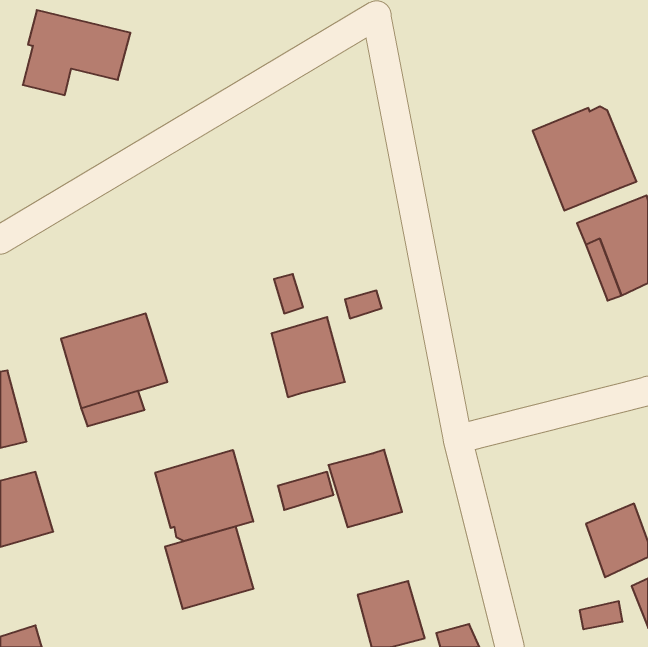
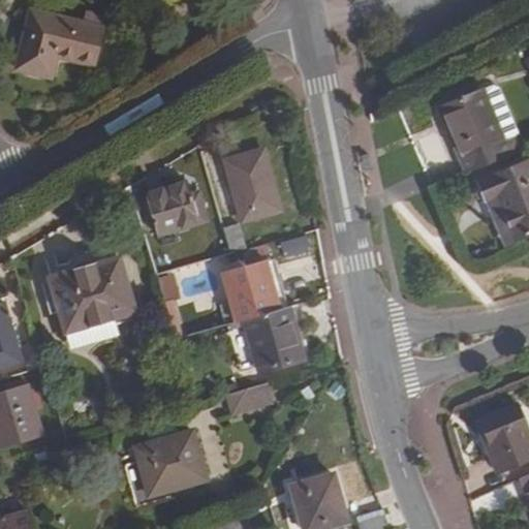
building: none -> [225,149,280,220]
building: none -> [146,180,209,235]
building: [328,450,402,527] -> [245,308,305,371]
building: [155,450,253,541] -> none

